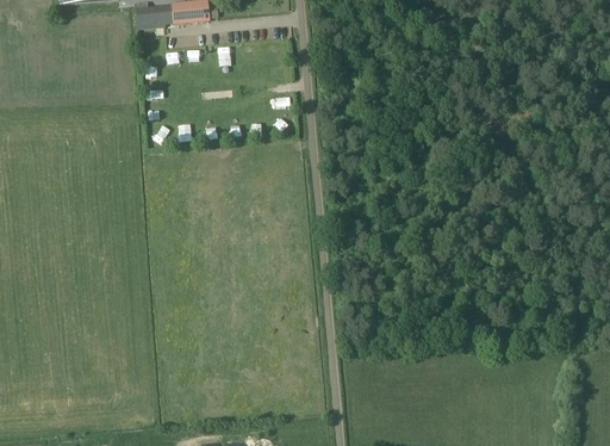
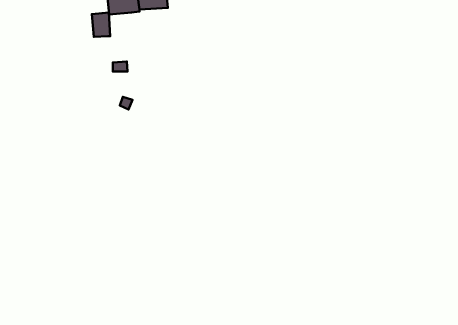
building: none -> [92,12,110,37]

